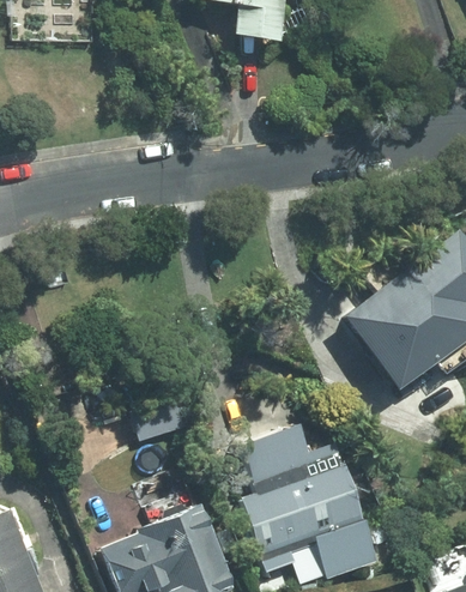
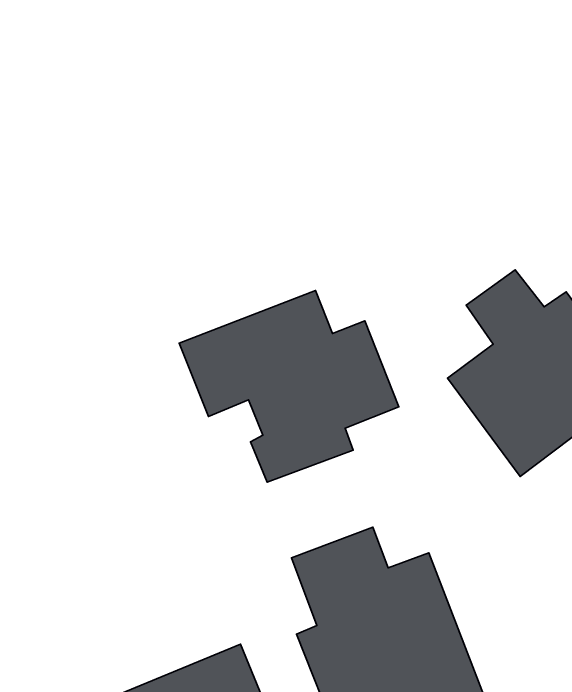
building: none -> [179,291,399,482]

